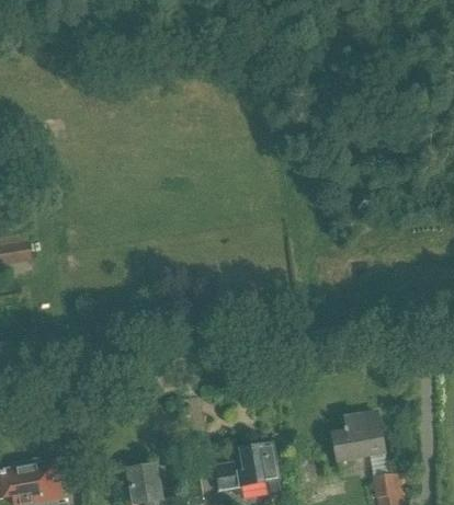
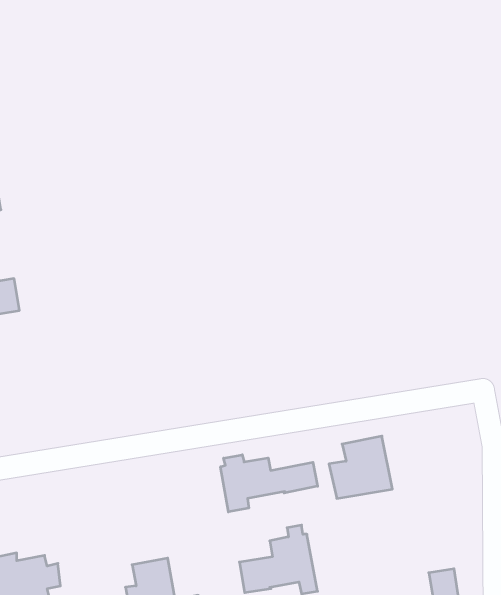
building: none -> [221,455,318,512]
building: [332,410,385,461] -> [329,436,392,498]

